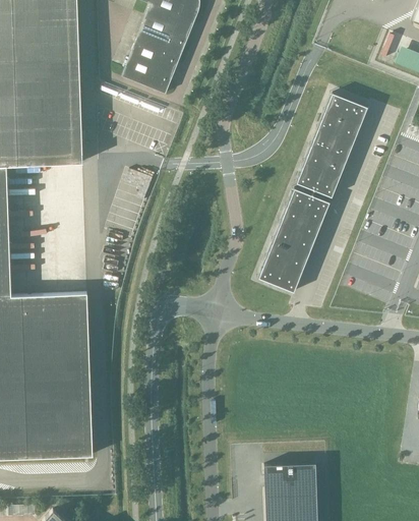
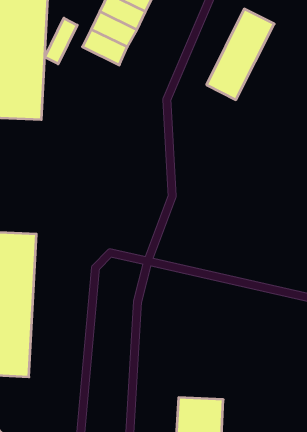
building: none -> [45,18,77,64]
building: [296,93,367,196] -> [207,9,274,100]
building: [258,187,328,291] -> none

